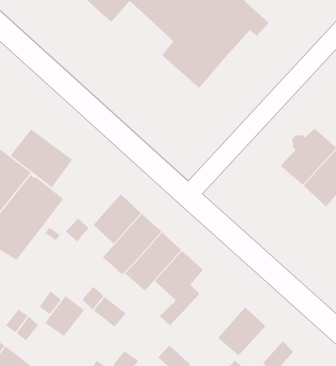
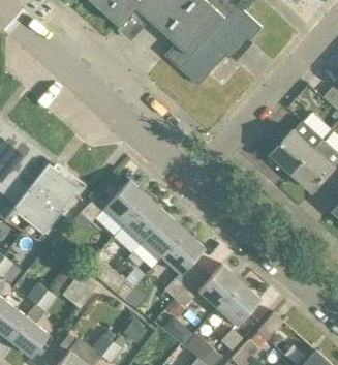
building: [10,128,73,188] -> none
building: none -> [173,264,240,308]

